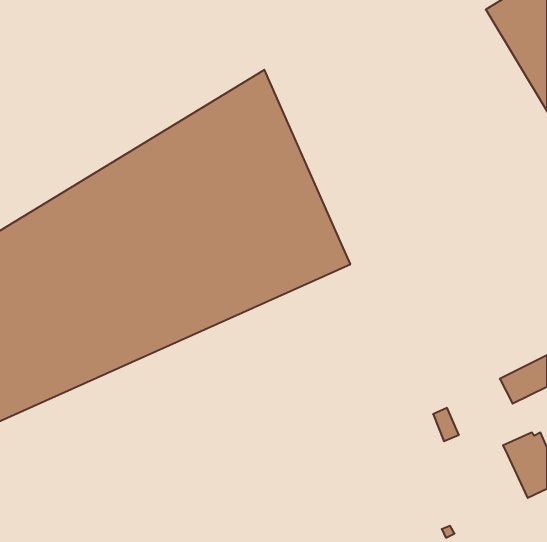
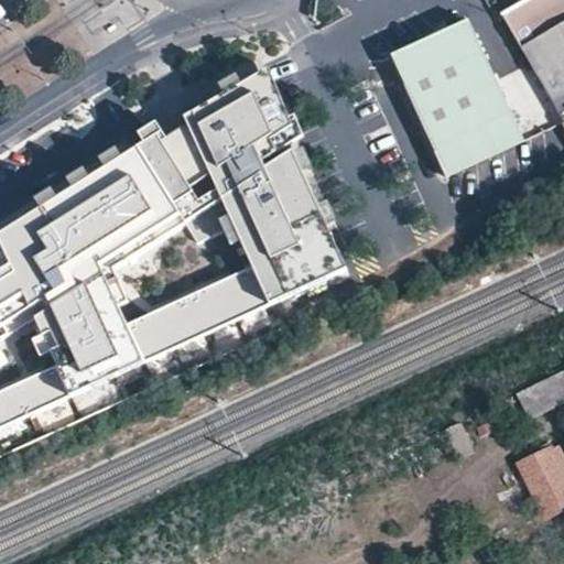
building: none -> [388,14,520,170]

